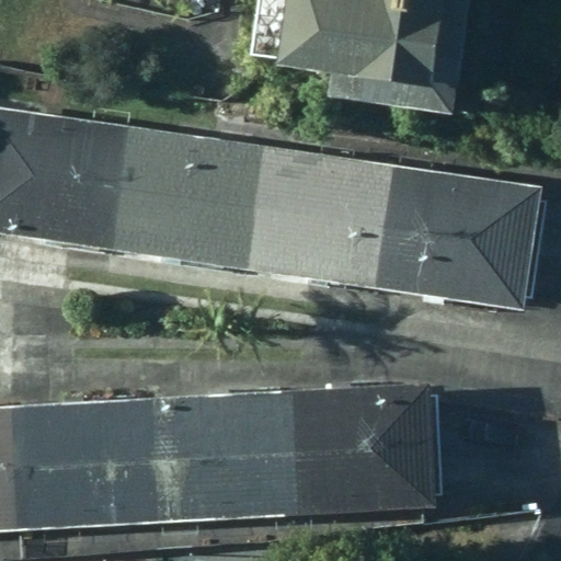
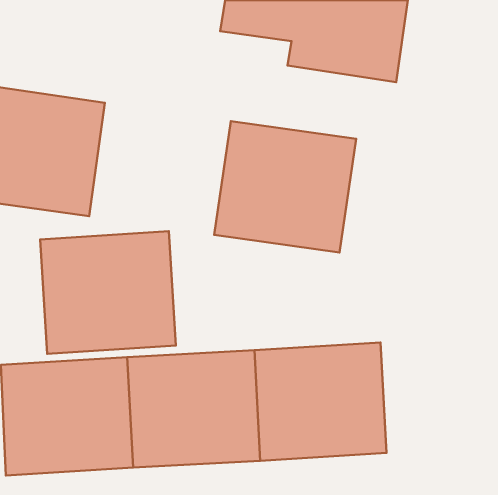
building: [100,121,259,268] -> none
building: [380,161,539,308] -> none
building: none -> [40,231,176,354]

